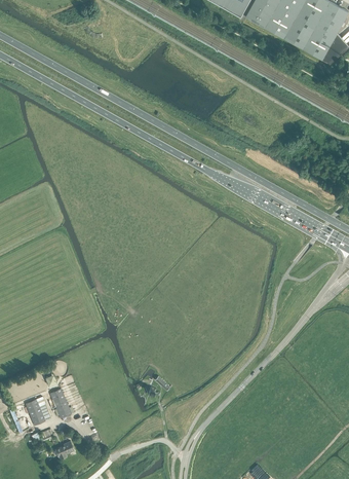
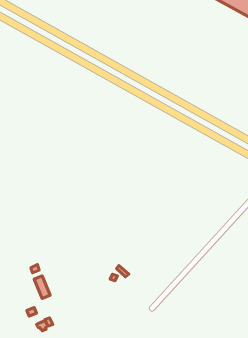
building: [25,397,50,426] -> none

